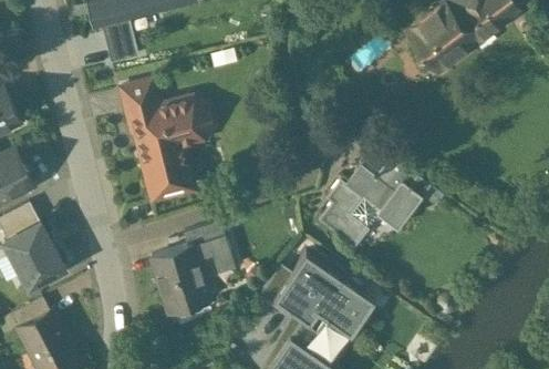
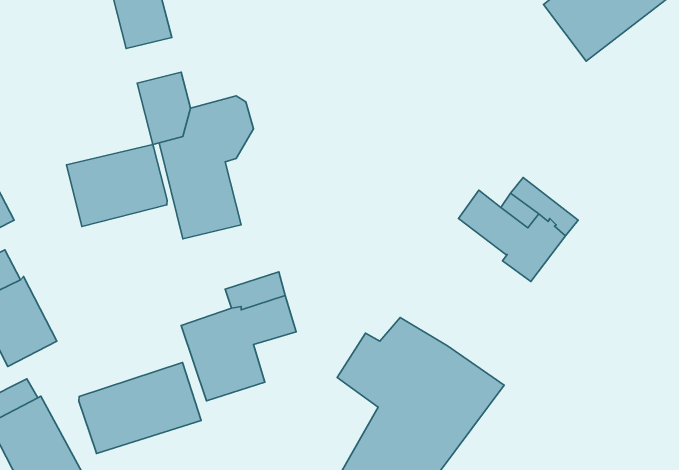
building: none -> [67,144,167,226]
building: [318,181,379,250] -> none
building: none -> [79,362,201,453]

